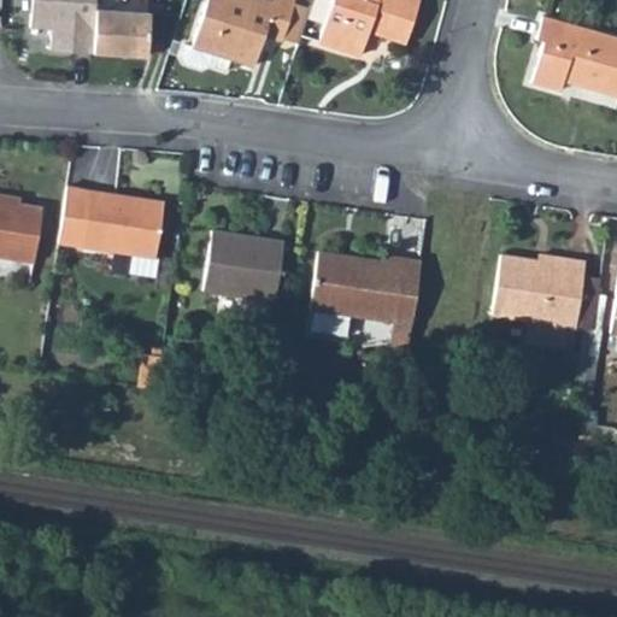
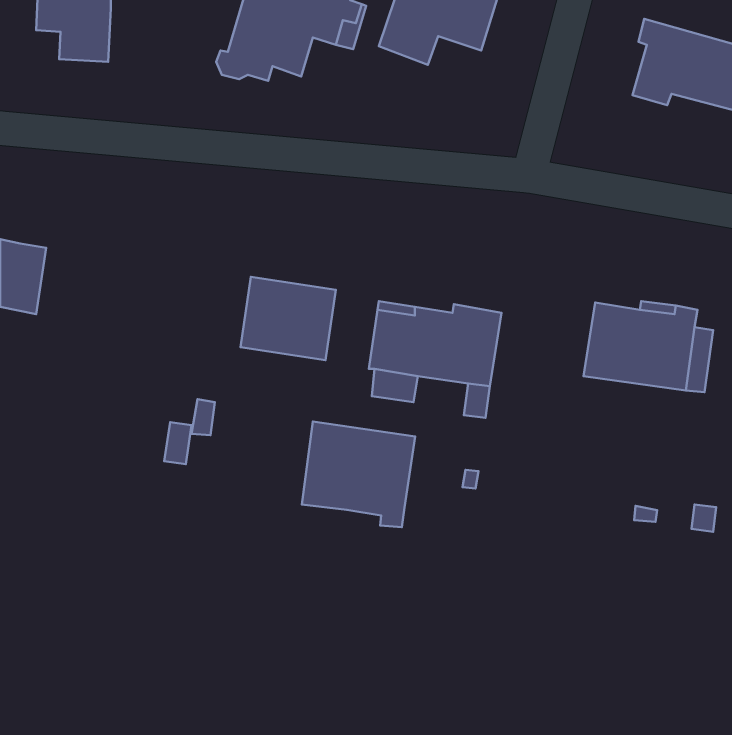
building: [94,7,152,55] -> none
building: [59,186,164,257] -> none
building: none -> [302,422,415,527]

